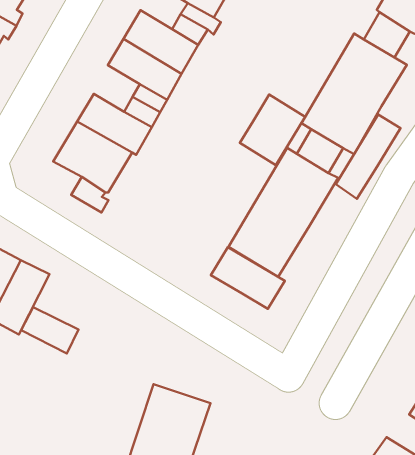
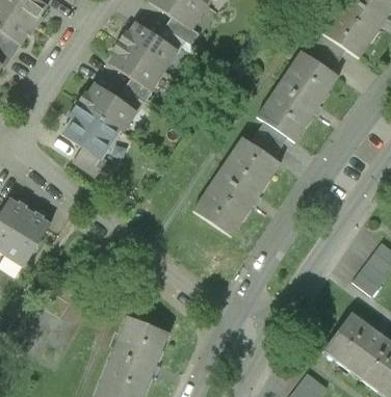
building: [240,94,305,165] -> none
building: [336,115,400,199] -> none
building: [211,247,285,309] -> none
building: [21,307,79,354] -> none

